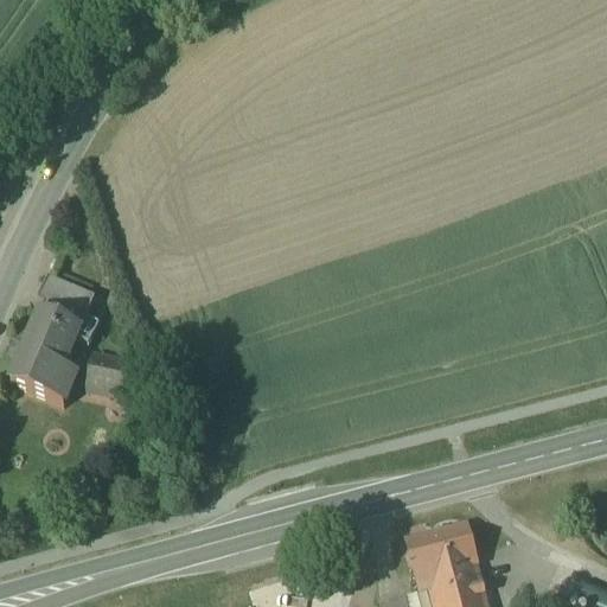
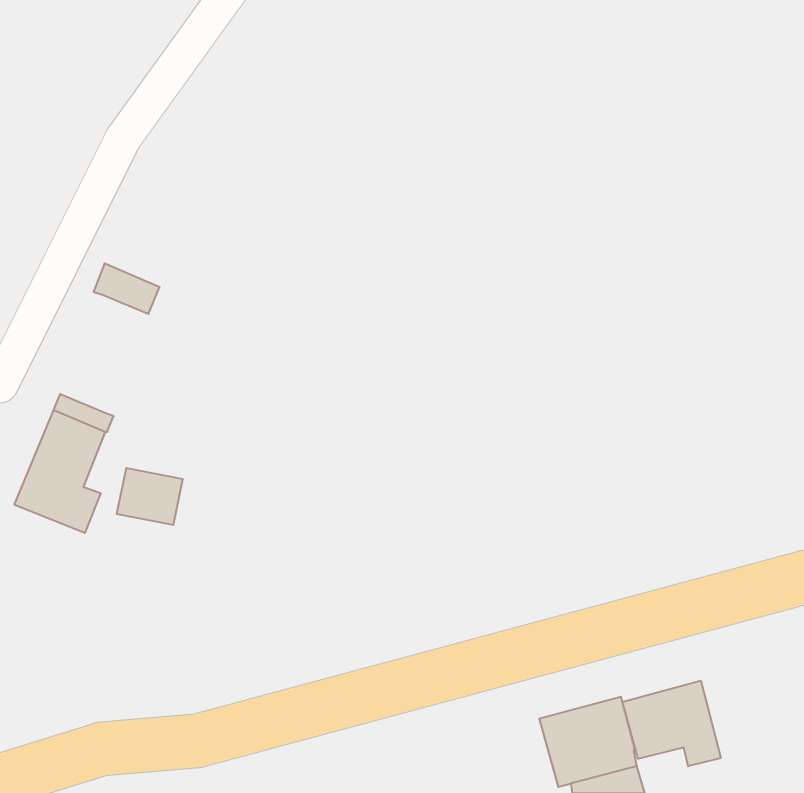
building: [39,273,89,311] -> [93,263,160,314]
building: none -> [622,681,721,766]

